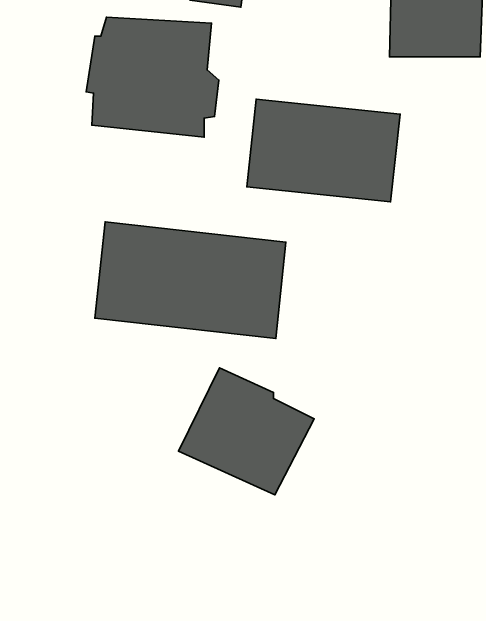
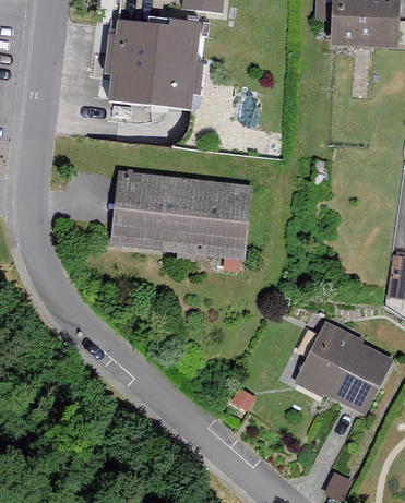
building: [247,99,400,202] -> none
building: [179,368,314,495] -> [294,321,395,416]

